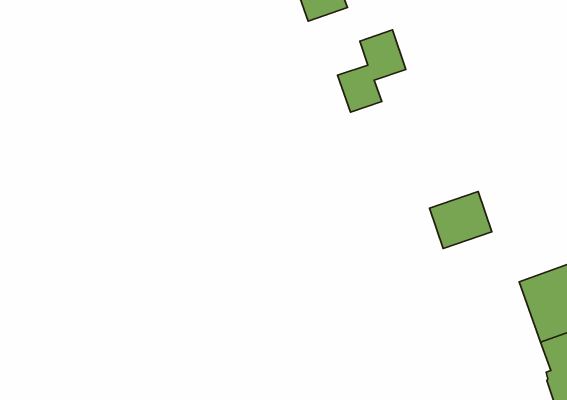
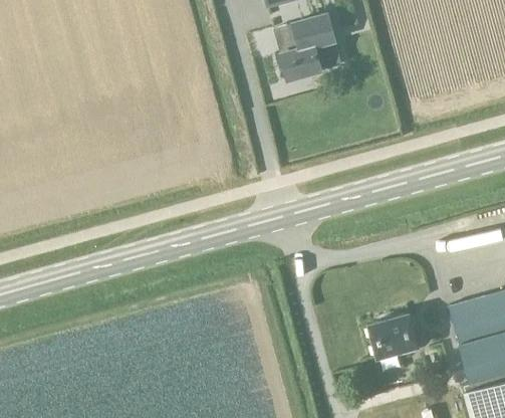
building: [337,30,406,112] -> none
building: [429,192,492,249] -> [367,314,418,359]

